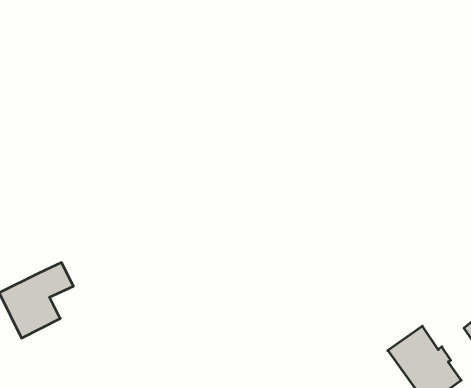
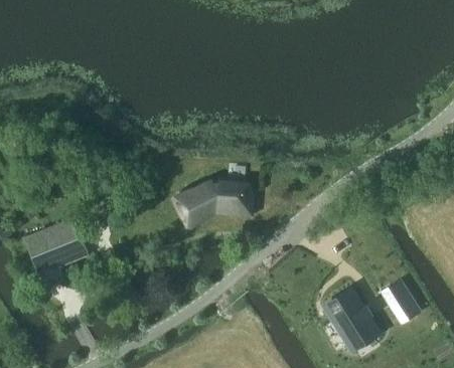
building: none -> [176,182,253,224]

